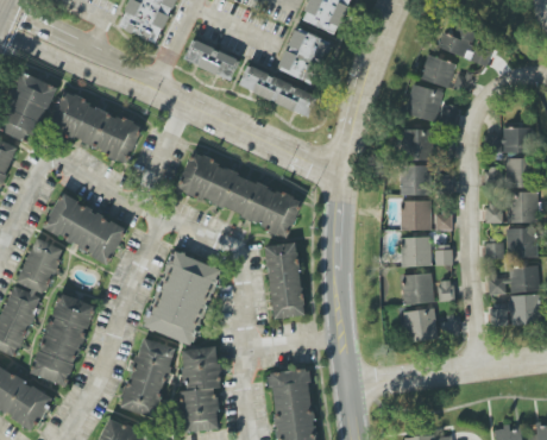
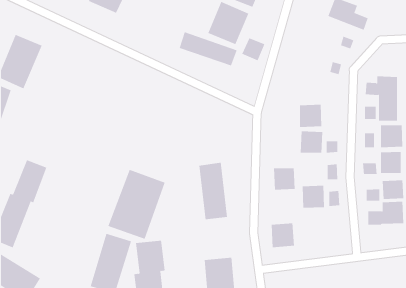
building: [184,39,239,80] -> none
building: [420,54,457,87] -> none
building: none -> [241,37,265,61]
building: [404,83,444,121] -> none
building: [49,92,143,162] -> none
building: [408,128,433,158] -> none
building: [177,157,303,232] -> none
building: [43,193,126,263] -> none
building: [402,237,432,266] -> [273,168,295,190]
building: [32,293,95,386] -> none
building: [405,308,438,341] -> [271,223,295,248]

